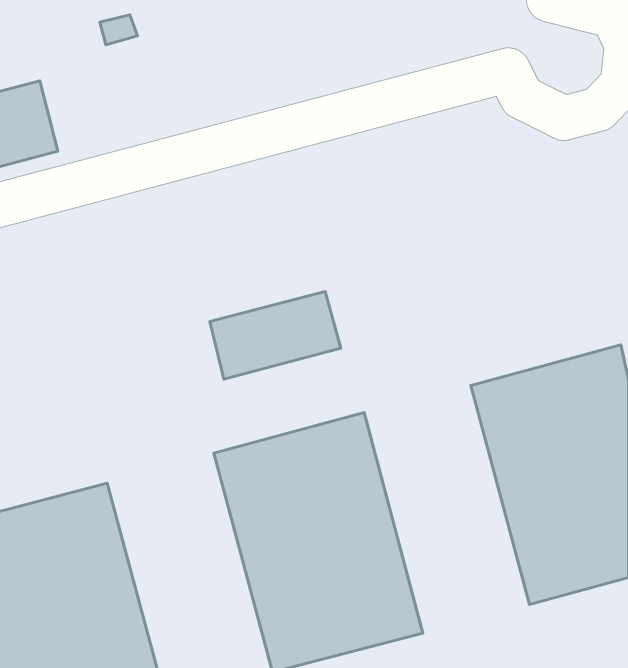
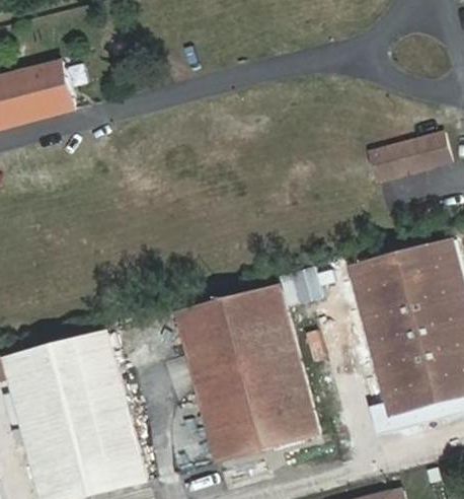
building: none -> [368,133,448,180]
building: [210,291,341,379] -> none

